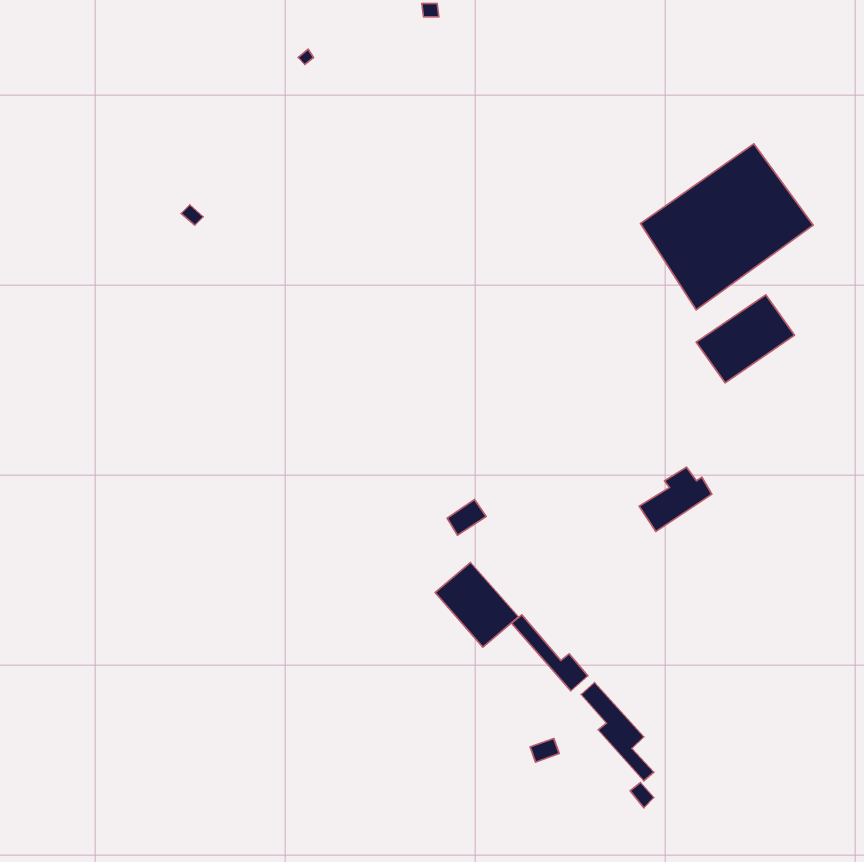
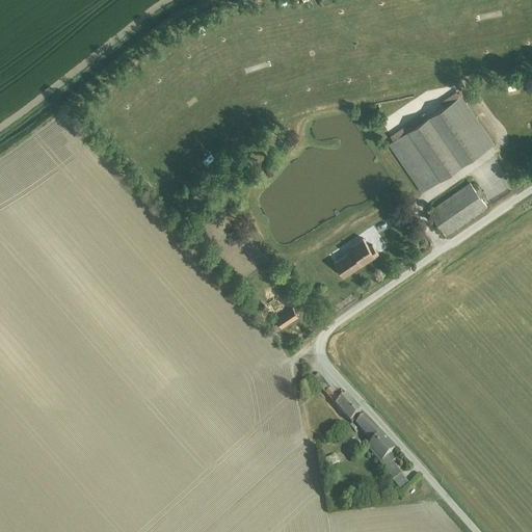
building: [639,467,712,531] -> [332,239,377,278]
building: [435,562,518,647] -> none

